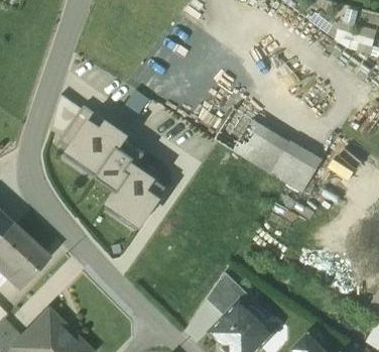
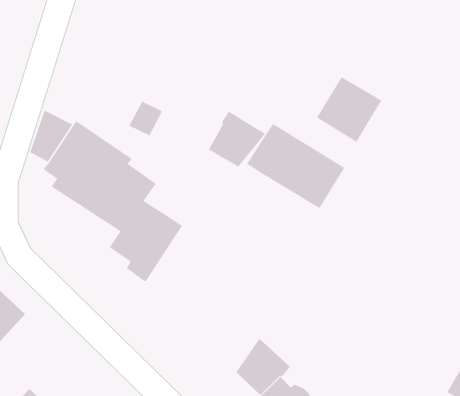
building: none -> [208,111,266,168]
building: [271,142,322,193] -> [316,77,382,143]

